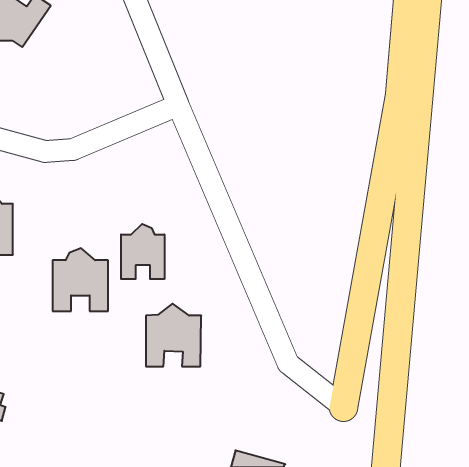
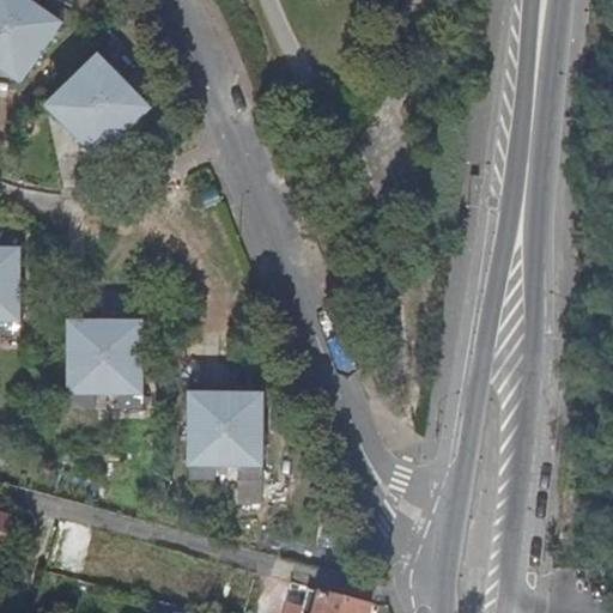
building: none -> [56,53,147,142]
building: [121,224,164,279] -> none

